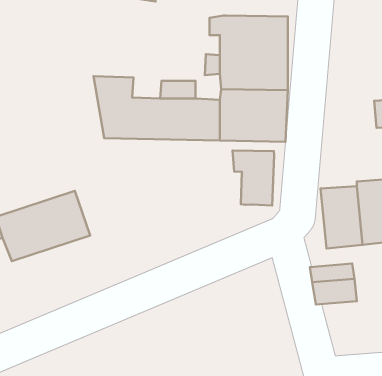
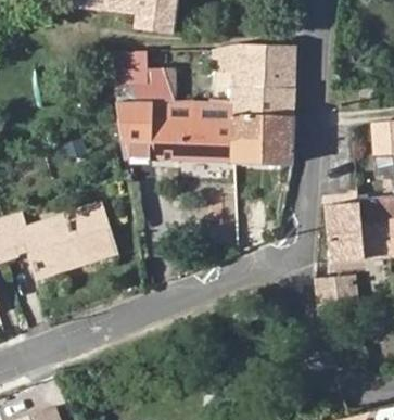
building: none -> [112,51,176,103]
building: [233,150,274,205] -> none

